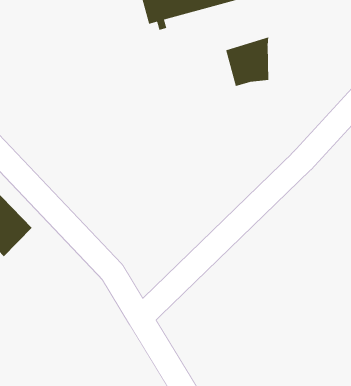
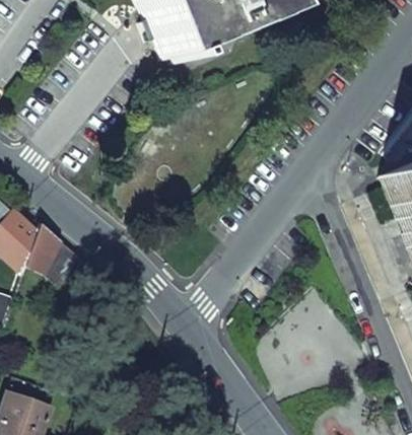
building: [225,37,269,87] -> none

